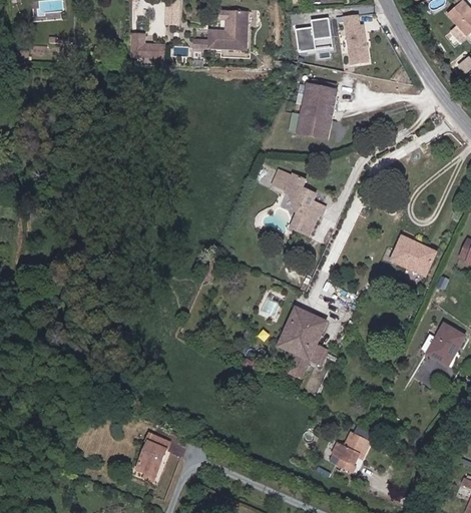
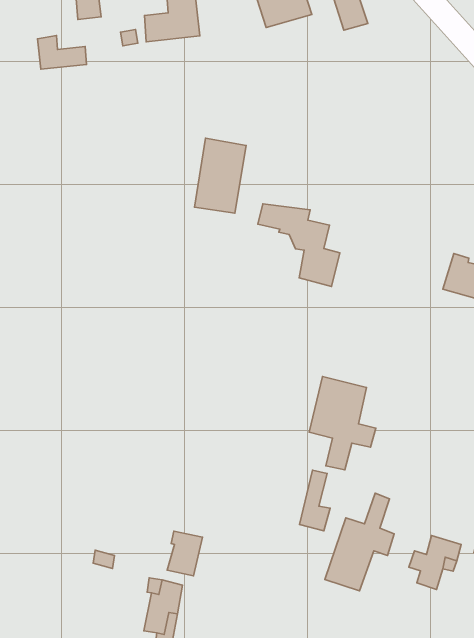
building: [296,90,340,147] -> [194,138,246,213]
building: none -> [300,470,330,531]
building: none -> [325,493,394,591]
building: none -> [167,531,202,576]

